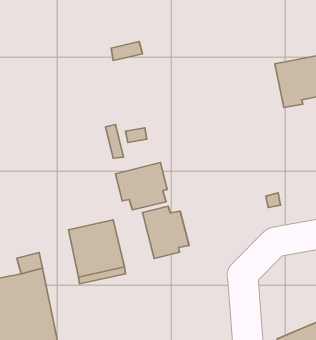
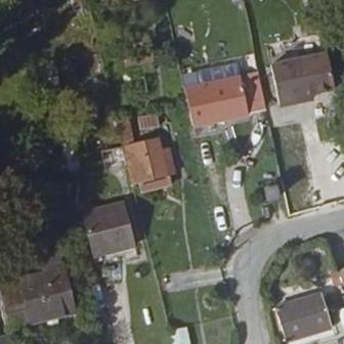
building: none -> [184,67,268,122]
building: [143,206,189,259] -> none

